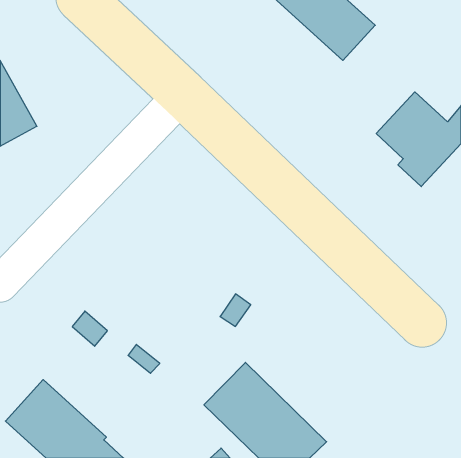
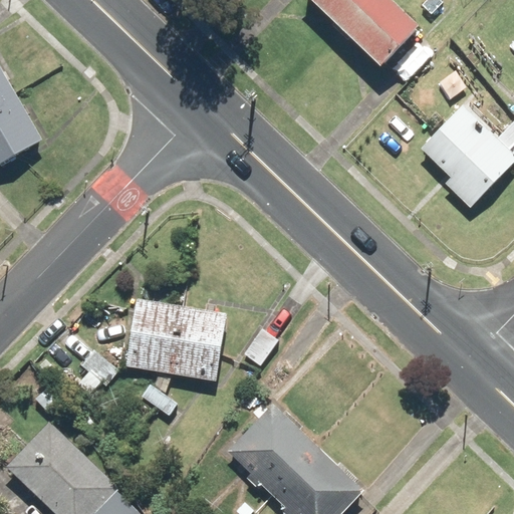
building: none -> [124,299,226,381]

